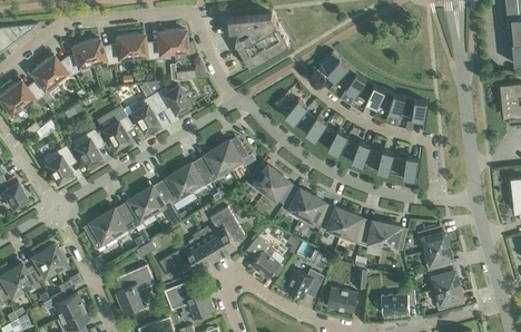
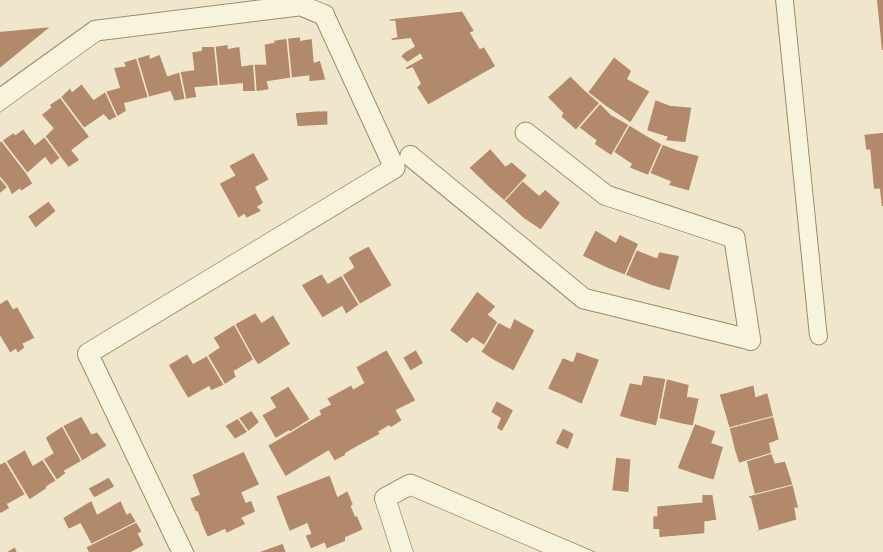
building: none -> [588,57,650,123]
building: [151,86,188,114] -> none
building: [400,97,426,121] -> [645,100,692,143]
building: [101,107,132,149] -> none
building: [315,124,347,154] -> none
building: [71,128,104,167] -> none
building: [217,140,253,170] -> none
building: [42,146,76,184] -> none
building: [389,154,419,179] -> none
building: [248,166,278,196] -> none
building: [163,170,190,201] -> [262,386,310,439]
building: [299,196,327,226] -> none
building: [338,213,365,245] -> [677,423,724,480]
building: [86,216,116,251] -> none
building: [244,236,285,280] -> none
building: [286,270,323,299] -> none
building: [326,287,357,313] -> none

